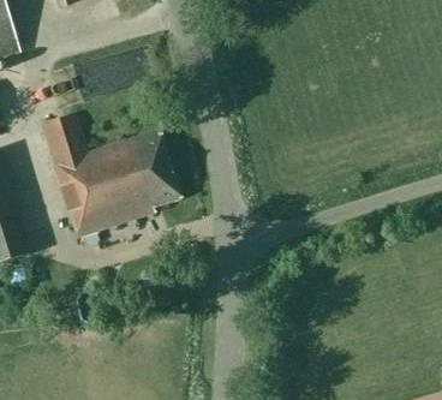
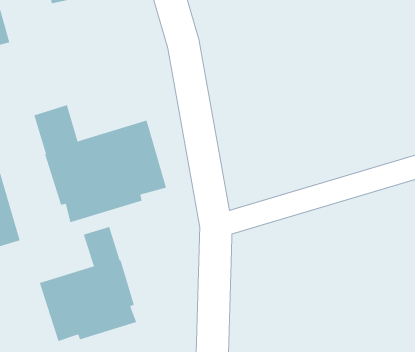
building: none -> [39,226,137,342]

